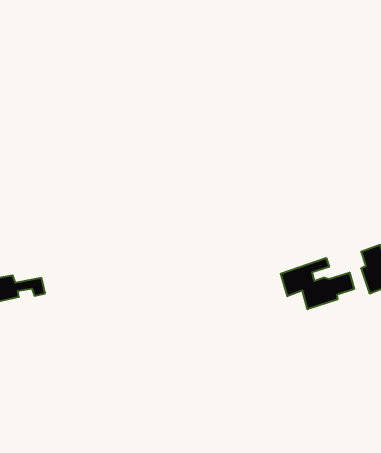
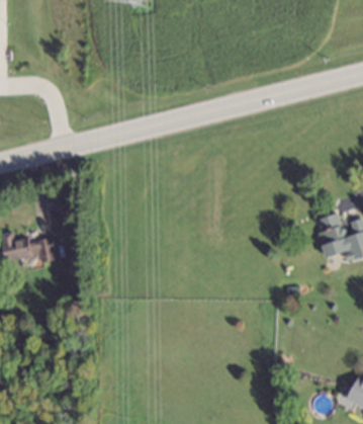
building: [281,258,354,309] -> none

